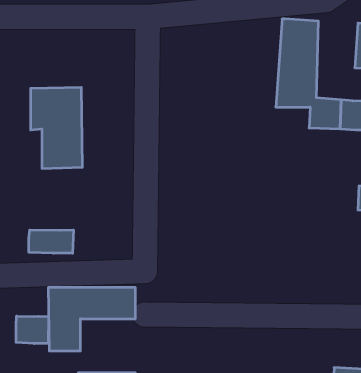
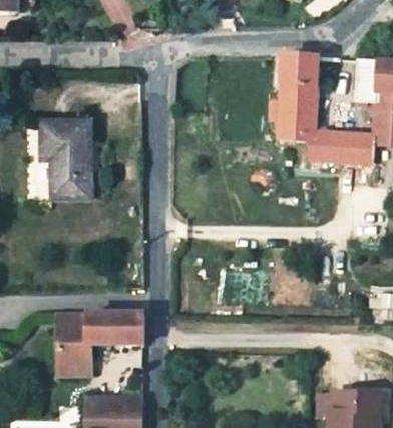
building: [29,230,73,253] -> none
building: [16,316,49,344] -> none

